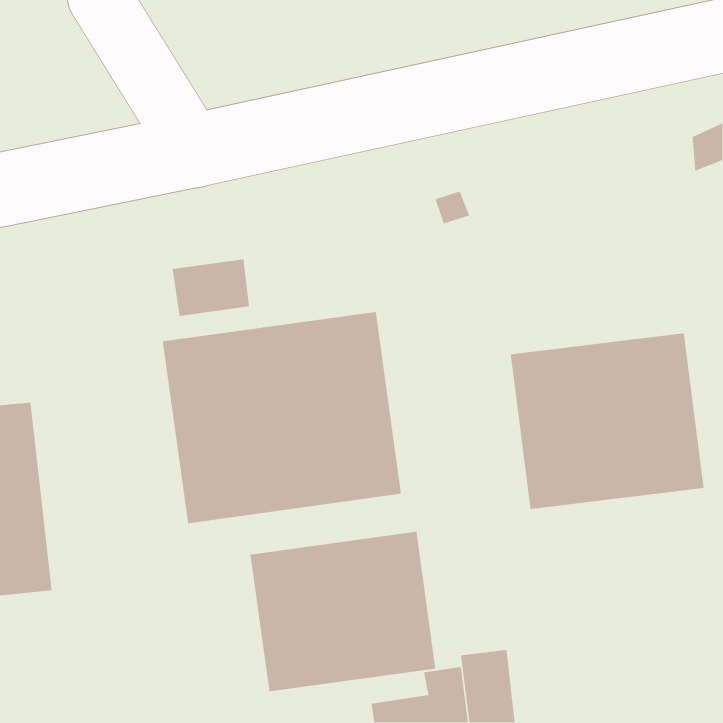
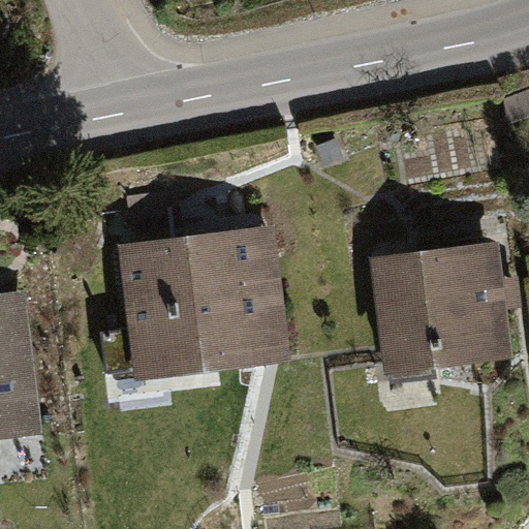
building: [250,531,436,692] -> none

